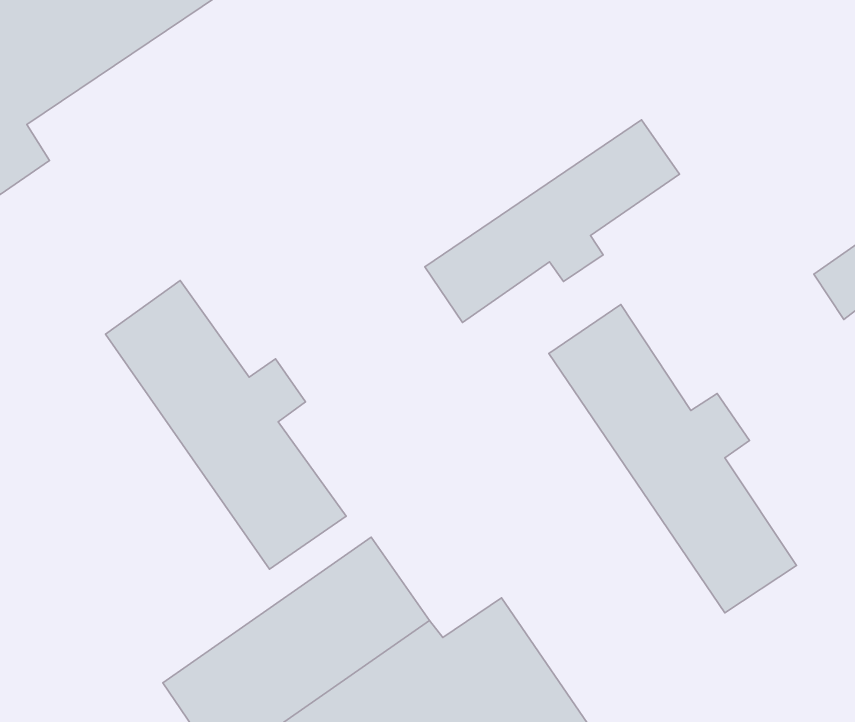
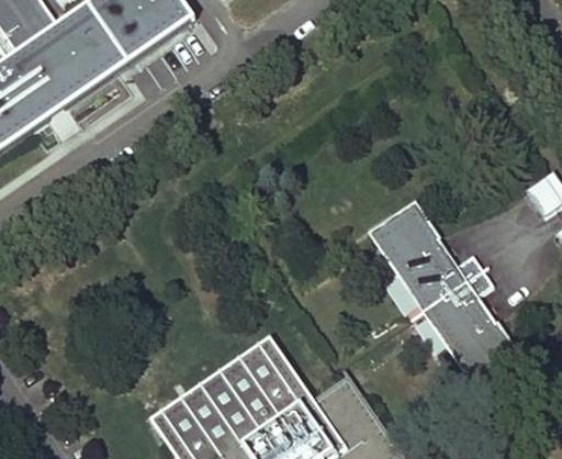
building: [425,120,679,322] -> none
building: [105,280,346,569] -> none

